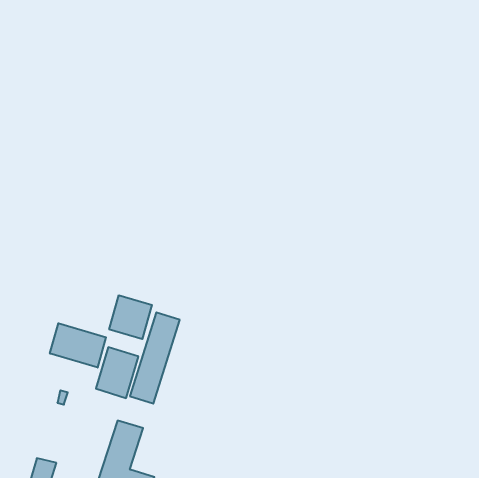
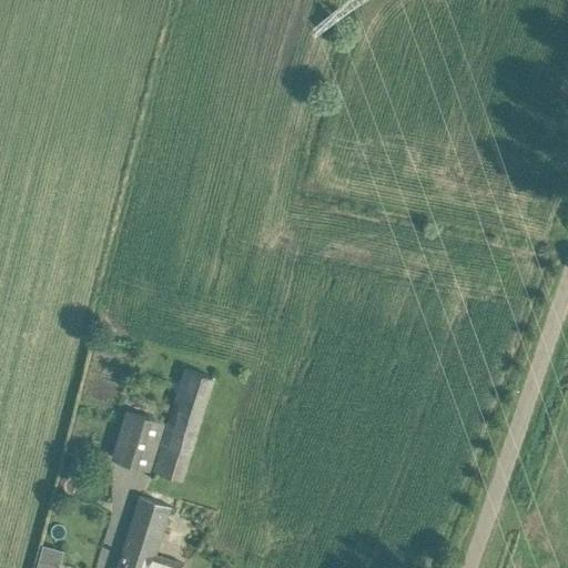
building: [109,295,152,339] -> none
building: [50,323,106,368] -> none

